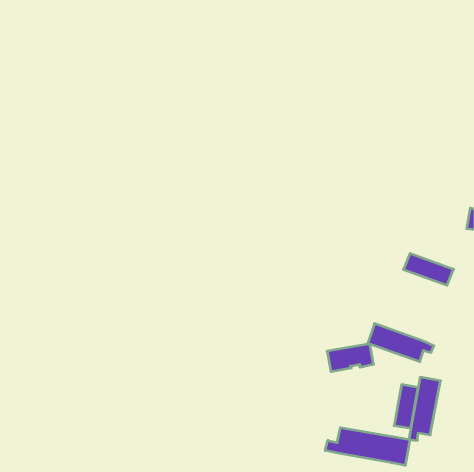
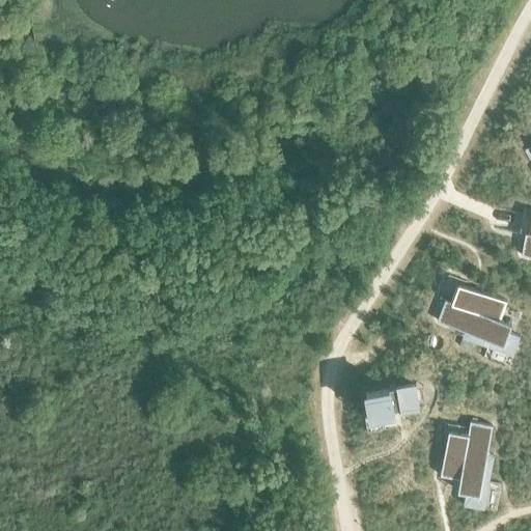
building: [368,324,434,362] -> [438,302,511,344]
building: [325,428,410,465] -> none

